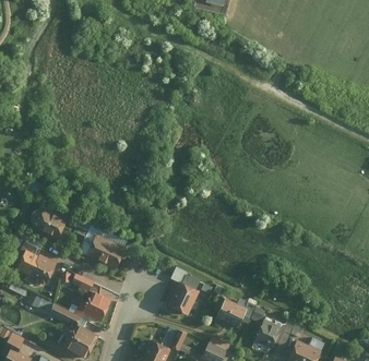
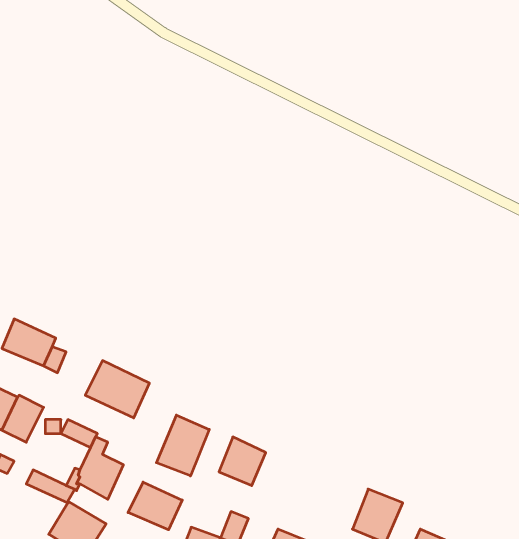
building: none -> [156,415,209,476]
building: [218,299,250,328] -> none
building: none -> [128,482,182,530]

